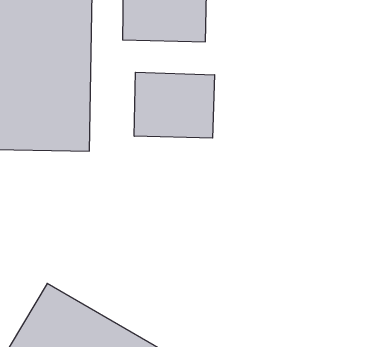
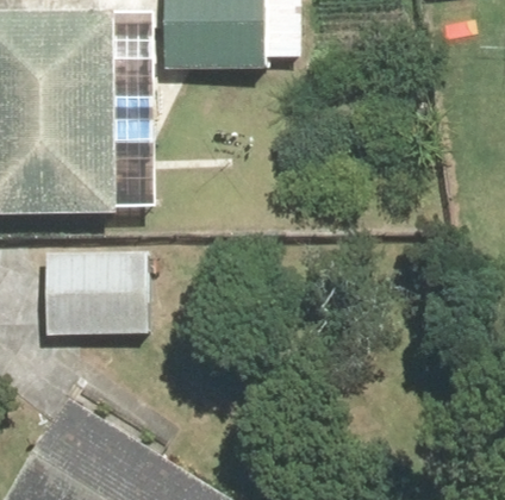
building: [134,72,215,138] -> none
building: none -> [44,237,156,337]

